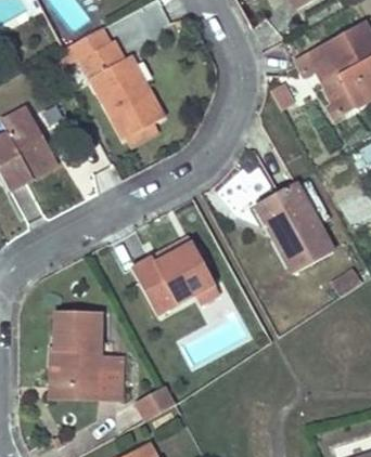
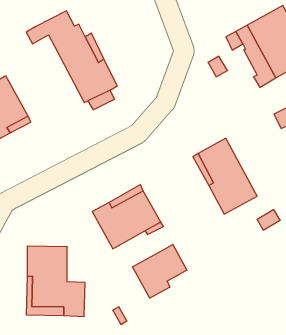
building: none -> [133,244,187,298]

